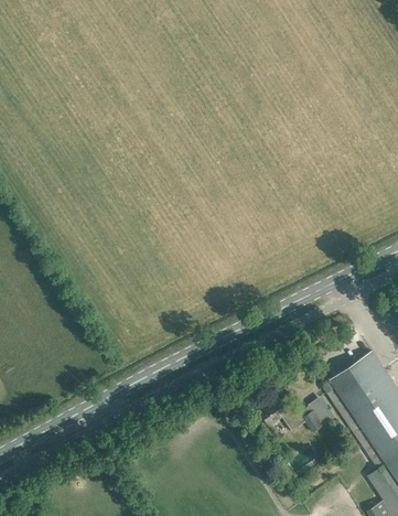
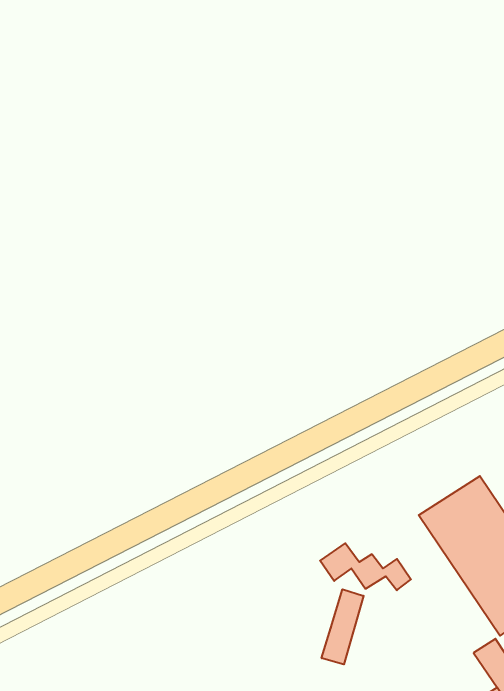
building: none -> [322,589,364,664]

